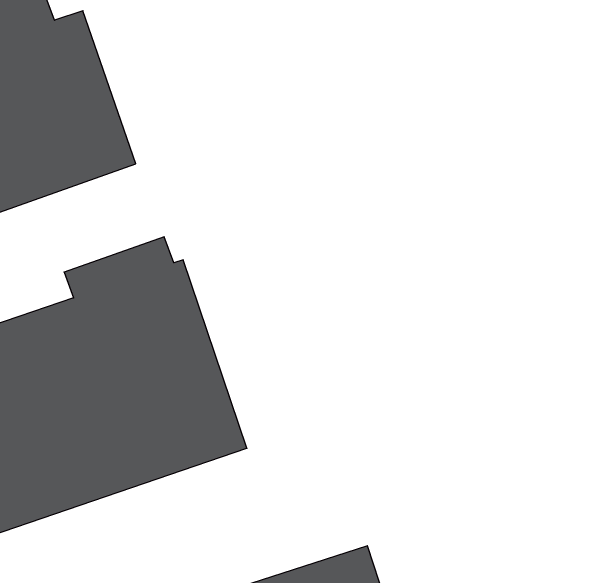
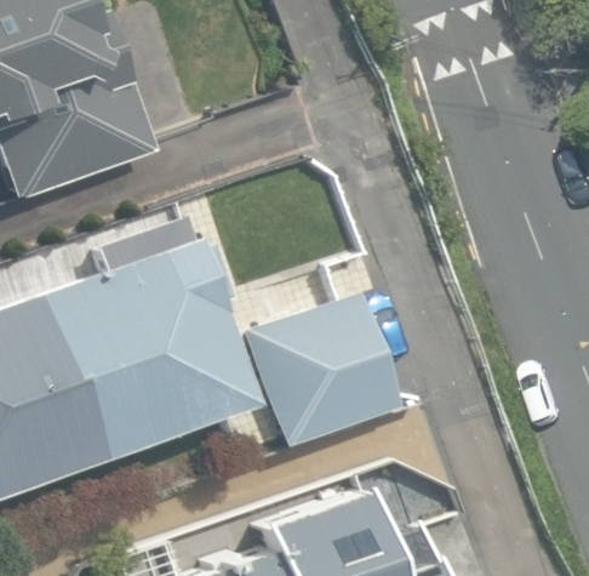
building: none -> [246,296,393,452]

